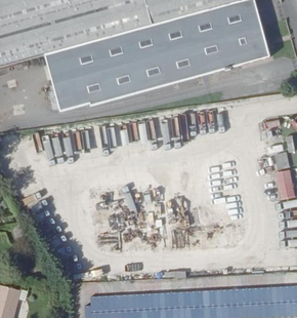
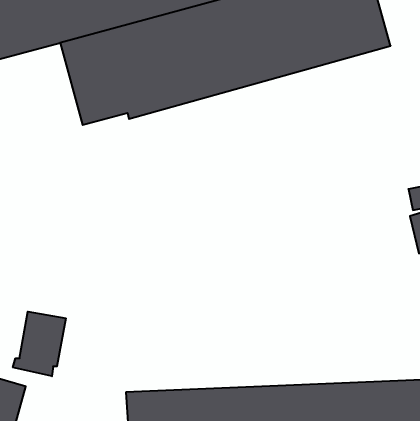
building: none -> [13,312,66,376]

